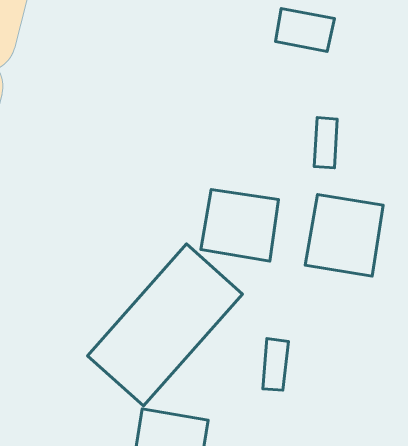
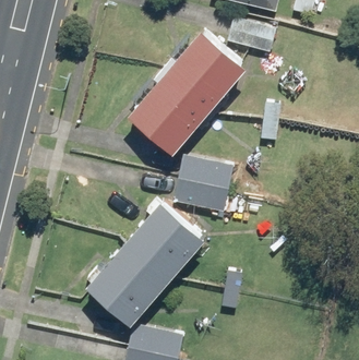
building: none -> [131,29,249,149]
building: [305,194,383,276] -> none

